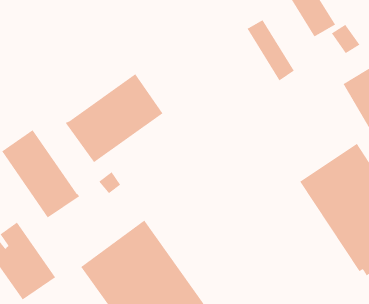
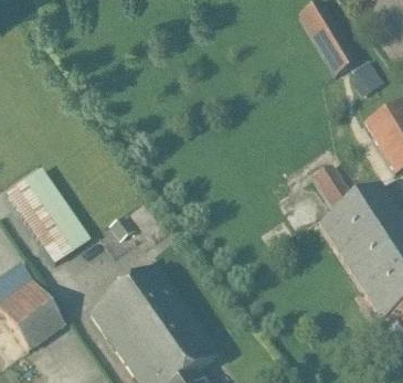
building: [246,19,295,81] -> none
building: [65,73,164,163] -> none
building: none -> [312,163,351,206]

